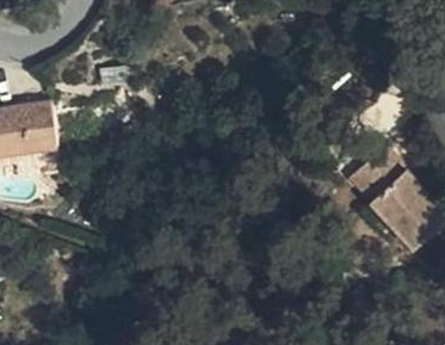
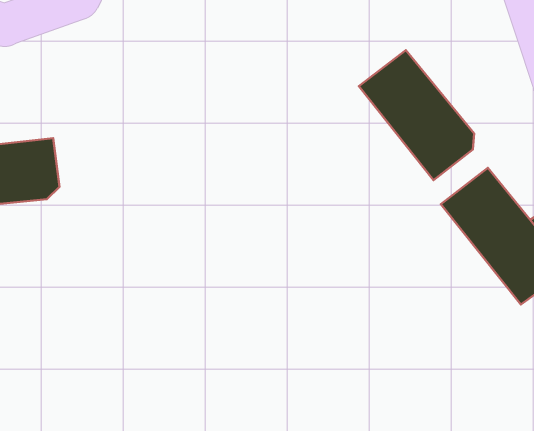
building: none -> [359,50,474,180]

